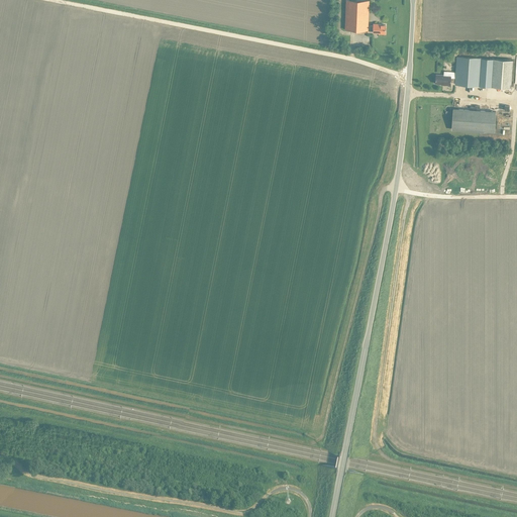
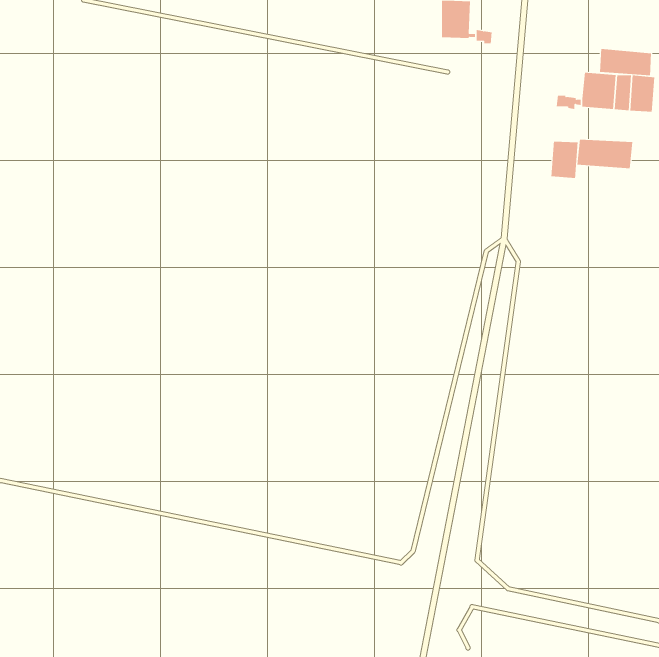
building: none -> [600,48,651,76]
building: none -> [551,141,578,179]

